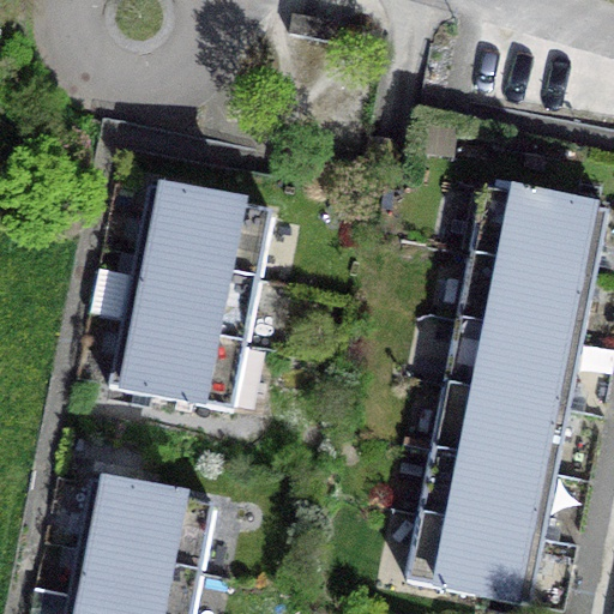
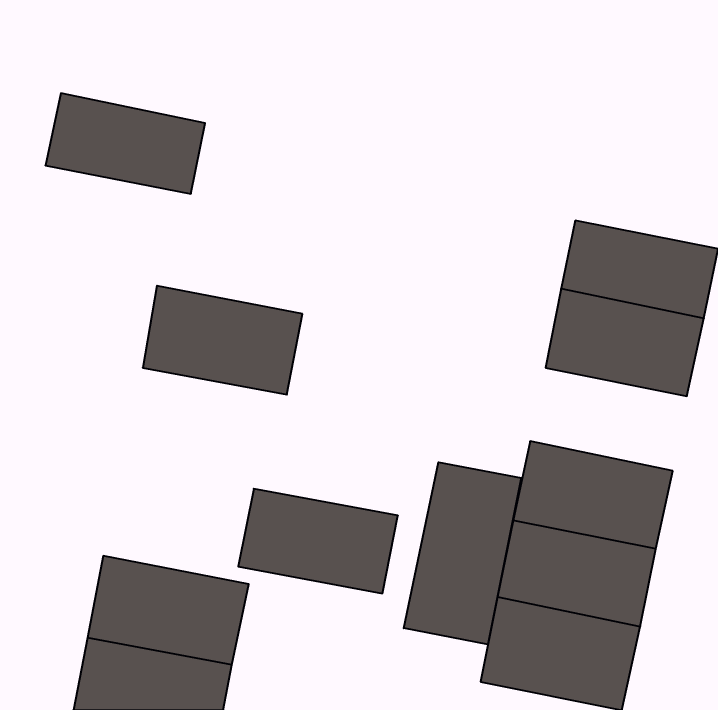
building: [137,181,272,266] -> [45,93,205,194]
building: [112,312,247,401] -> [238,489,398,593]
building: [453,312,586,399] -> none
building: none -> [404,462,521,645]

